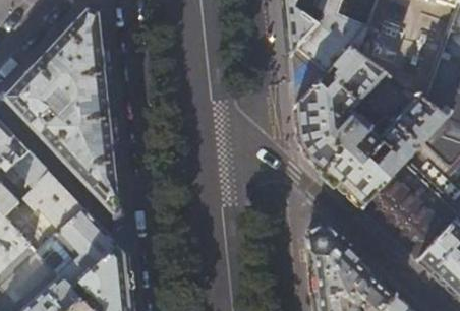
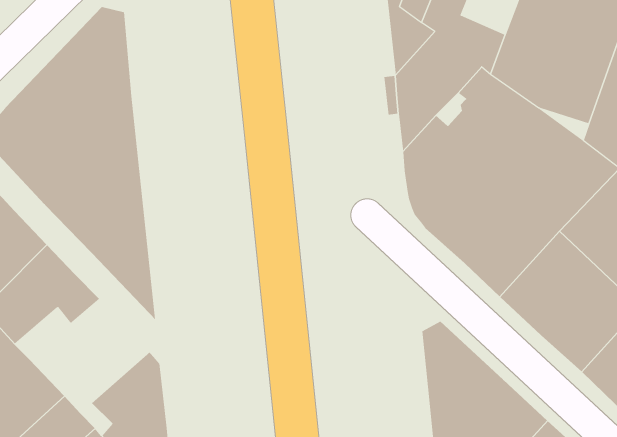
building: [36,208,119,288] -> none

